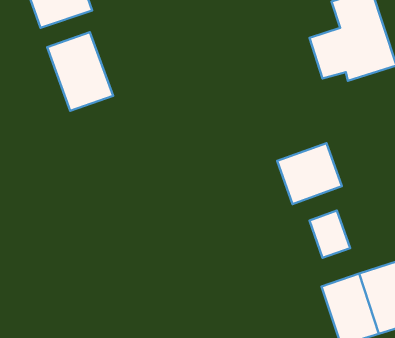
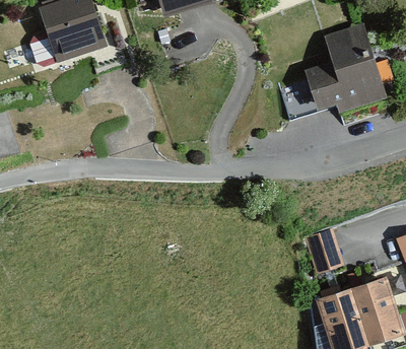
building: [47,32,113,111] -> none
building: [277,143,342,204] -> none

